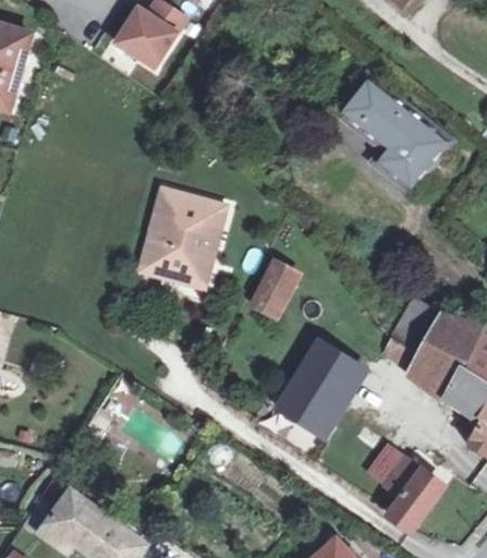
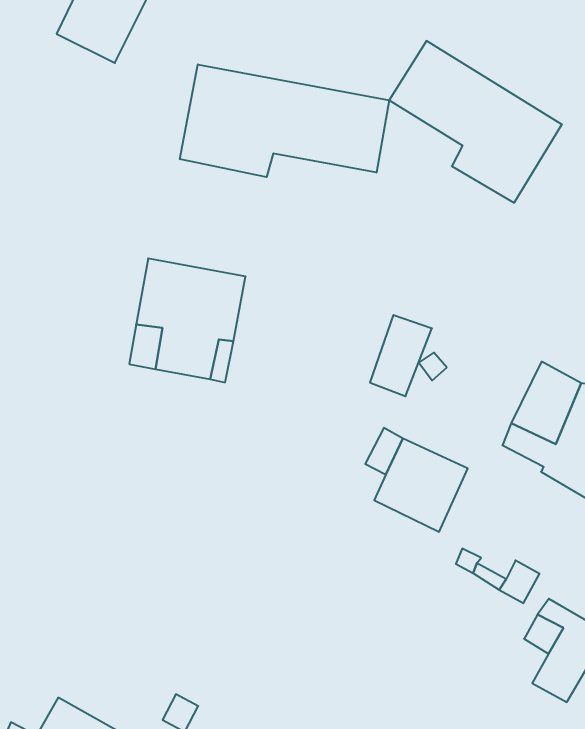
building: none -> [180,64,389,177]
building: [254,263,300,318] -> [370,315,432,396]
building: [280,380,338,434] -> none

